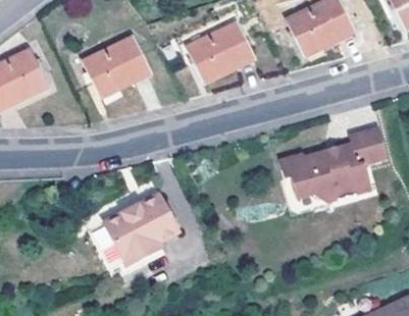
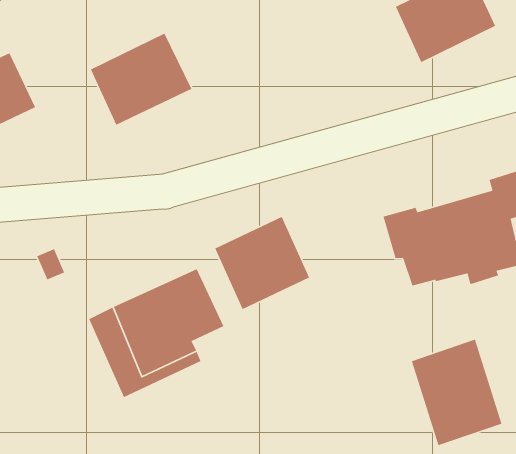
building: [186,20,255,83] -> none
building: none -> [214,216,310,310]
building: none -> [411,339,503,446]

